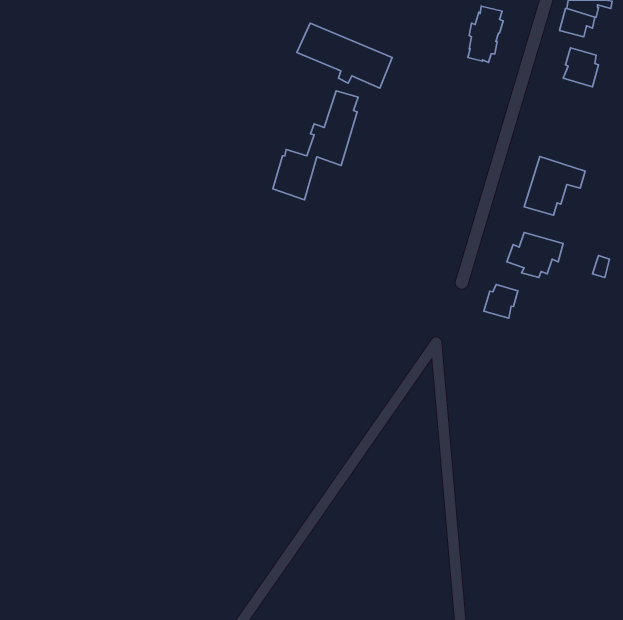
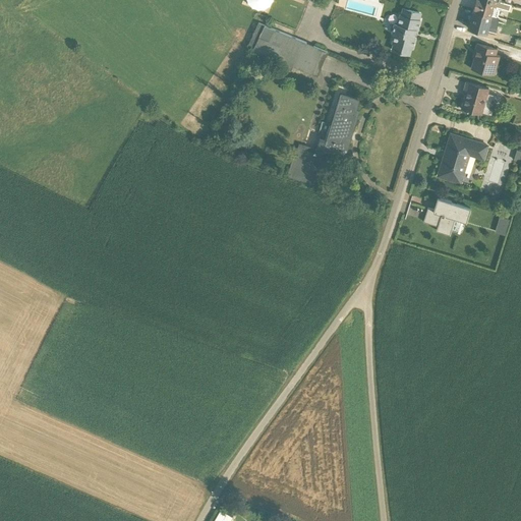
building: [273,91,358,200] -> [288,95,359,185]
building: none -> [460,82,489,116]
building: [484,285,518,318] -> none

